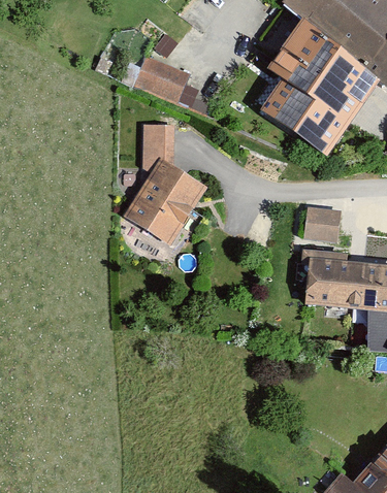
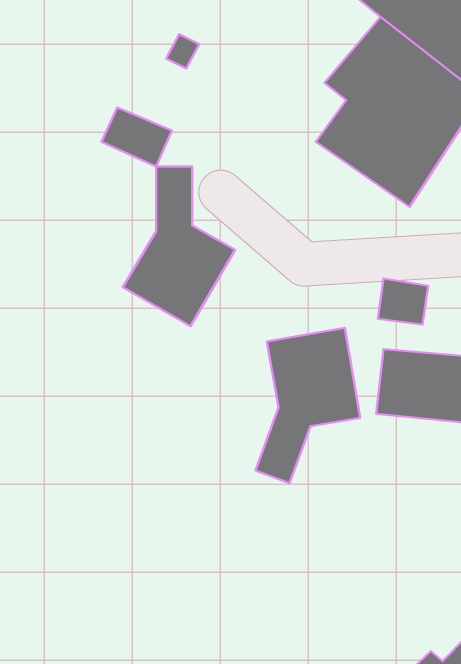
building: [136,57,187,99] -> [101,107,172,166]
building: none -> [255,328,360,483]

